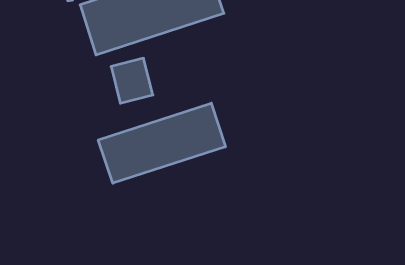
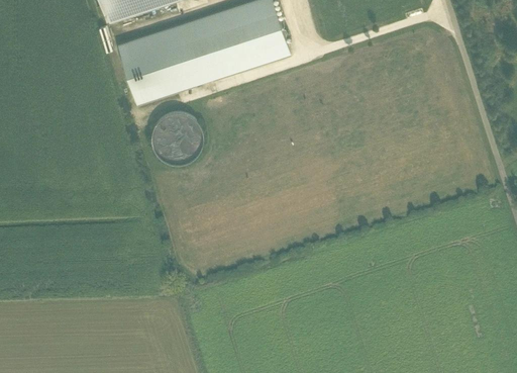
building: [98,103,225,183] -> none

